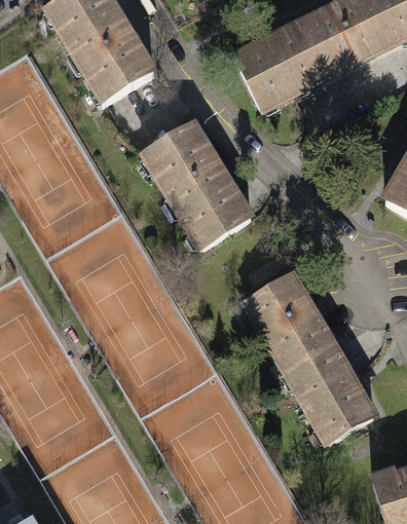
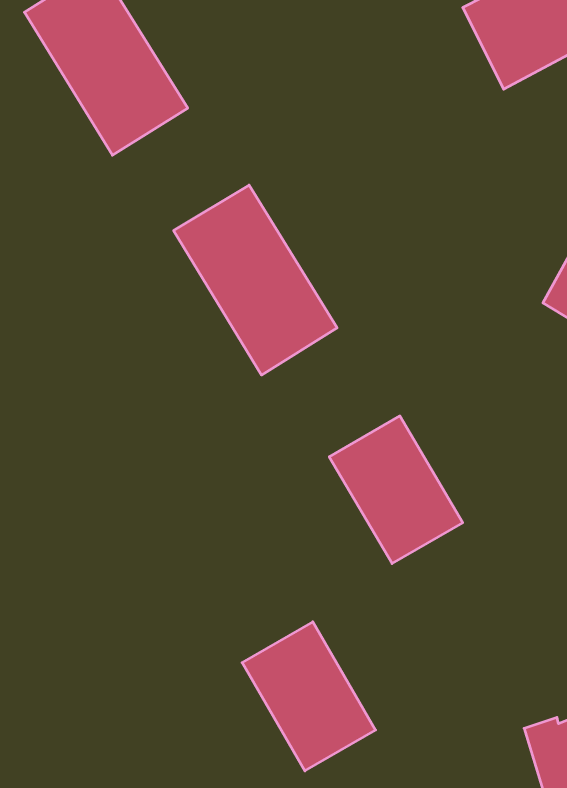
building: [235,5,360,107] -> none
building: [287,342,374,440] -> [242,622,376,771]

